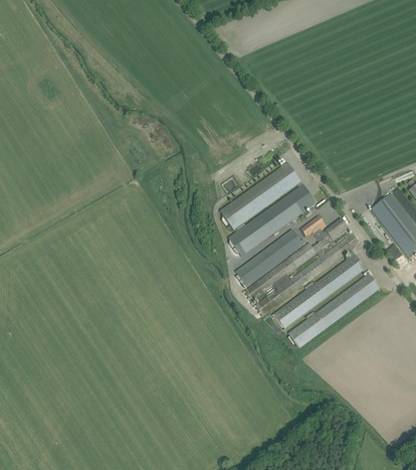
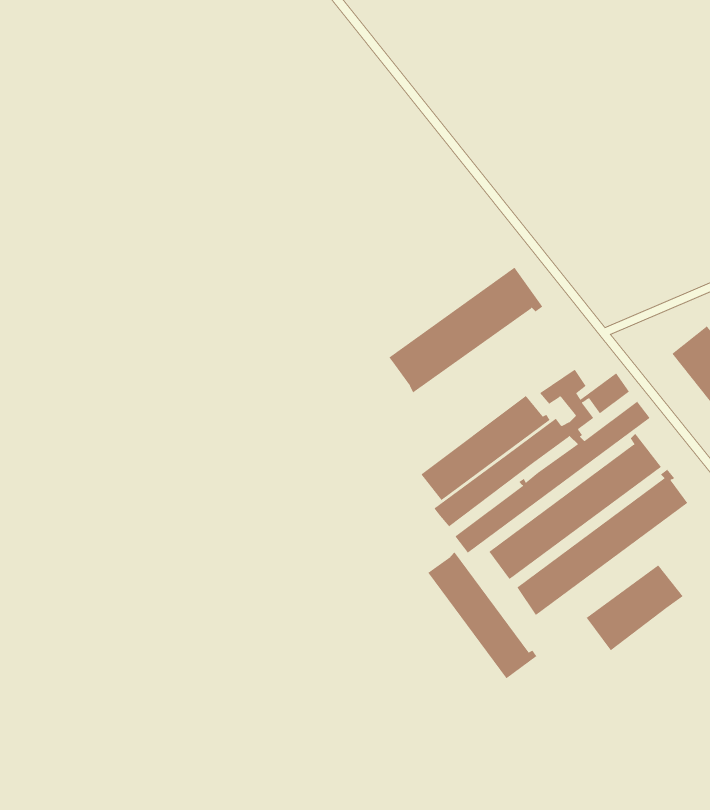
building: [228,184,316,255] -> none
building: none -> [428,552,537,679]
building: none -> [586,564,684,651]

